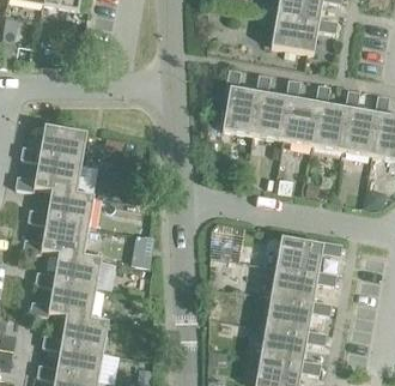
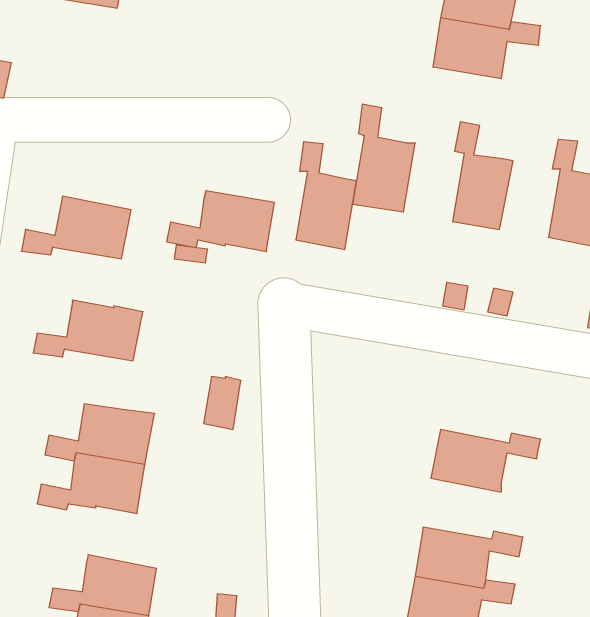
building: [253,73,290,139] -> [296,142,356,250]
building: [311,83,348,149] -> none
building: [14,155,80,192] -> [167,191,274,252]
building: [22,217,87,254] -> none
building: [275,236,341,275] -> none
building: [265,296,330,333] -> none
building: [41,313,108,351] -> none

